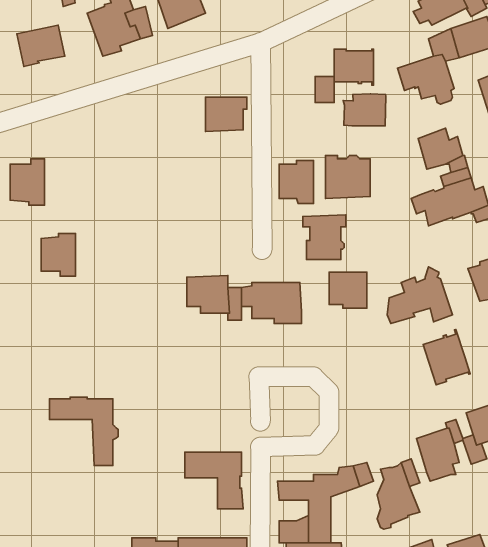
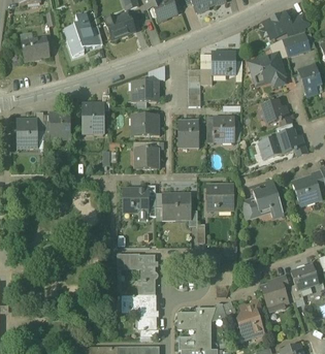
building: [343,94,386,126] -> none
building: none -> [83,94,109,133]
building: none -> [134,114,160,134]
building: [303,215,346,259] -> [134,140,160,167]
building: [41,233,76,276] -> [50,111,70,137]
building: [423,329,470,385] -> none
building: [49,397,118,466] -> [117,253,158,294]

